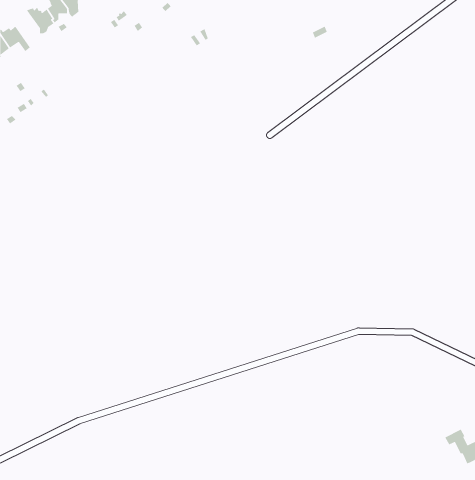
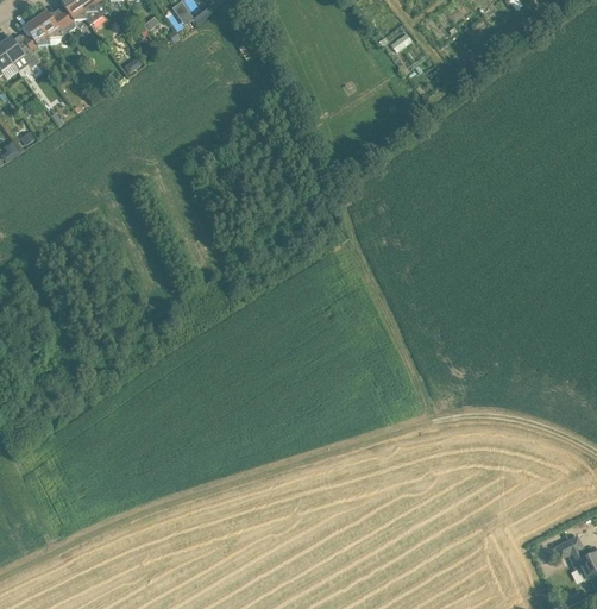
building: none -> [21,13,50,49]

